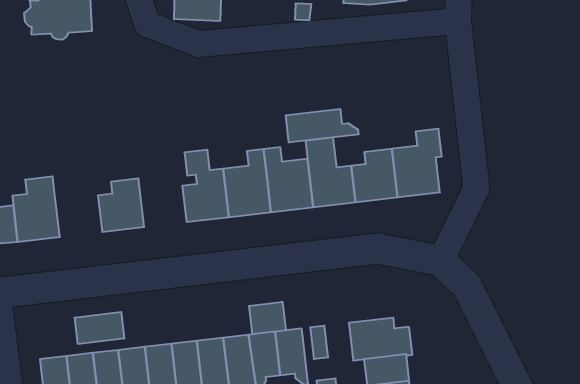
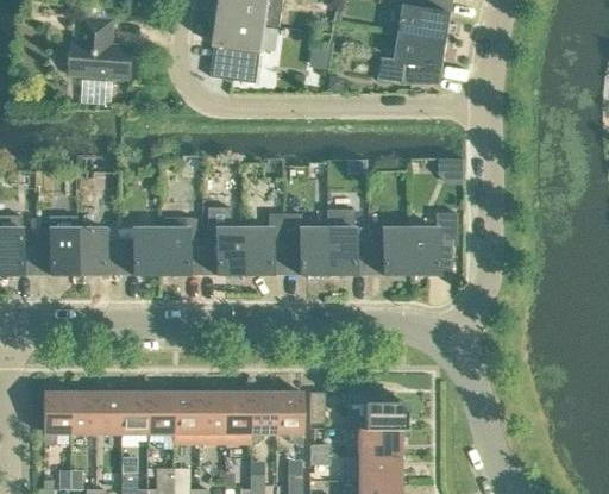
building: [286,109,359,143] -> none
building: none -> [158,218,200,275]
building: none -> [75,229,117,275]
building: [249,302,286,334] -> none
building: [75,312,124,344] -> none

